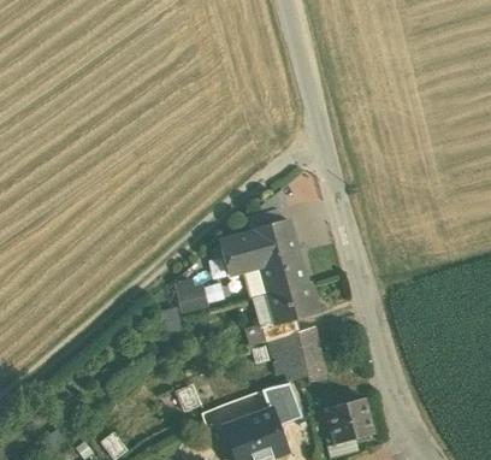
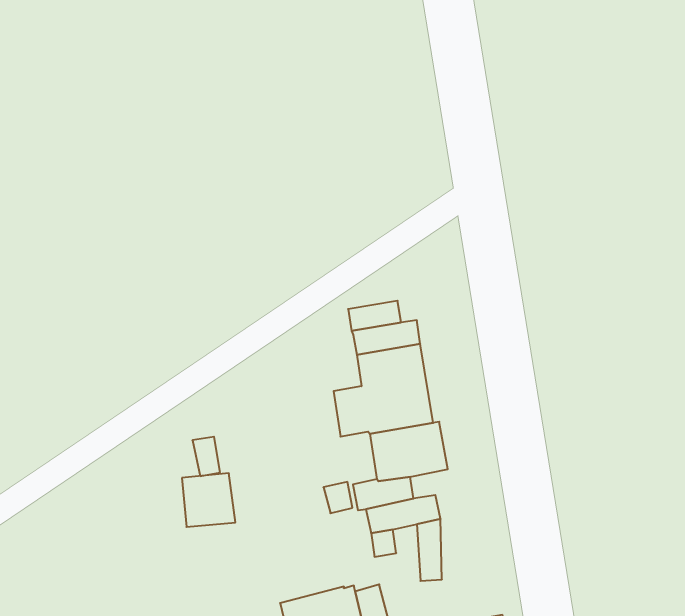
building: [219,234,260,275] -> none
building: [170,276,206,312] -> [182,473,235,527]

